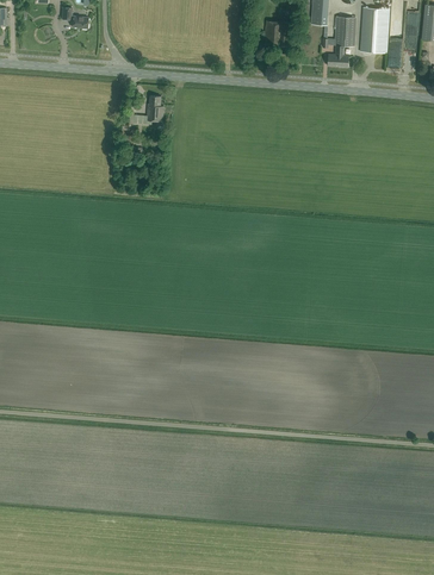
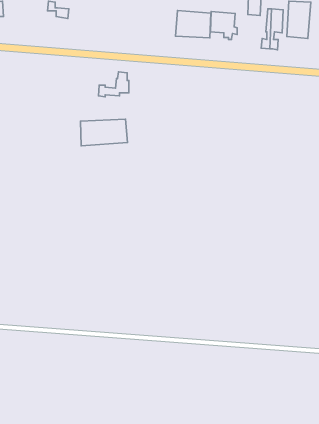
building: none -> [176,11,211,38]
building: none -> [81,119,127,146]

